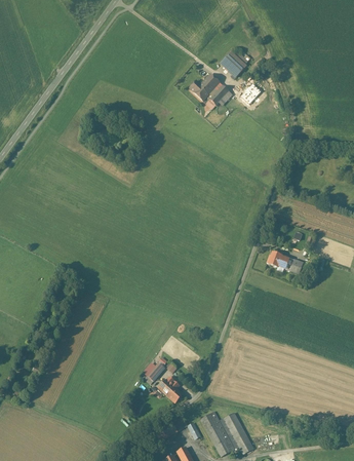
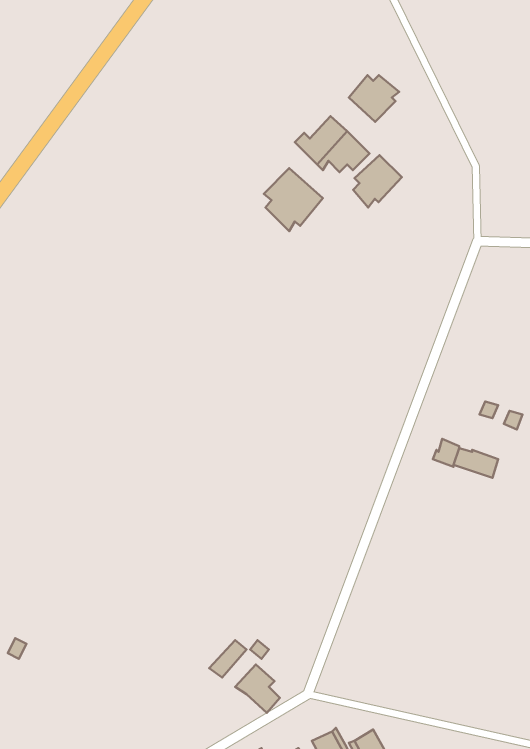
building: none -> [353,155,402,208]
building: none -> [264,168,323,231]

